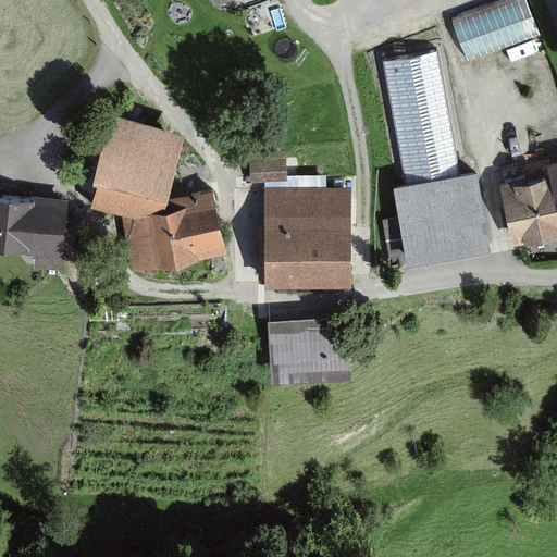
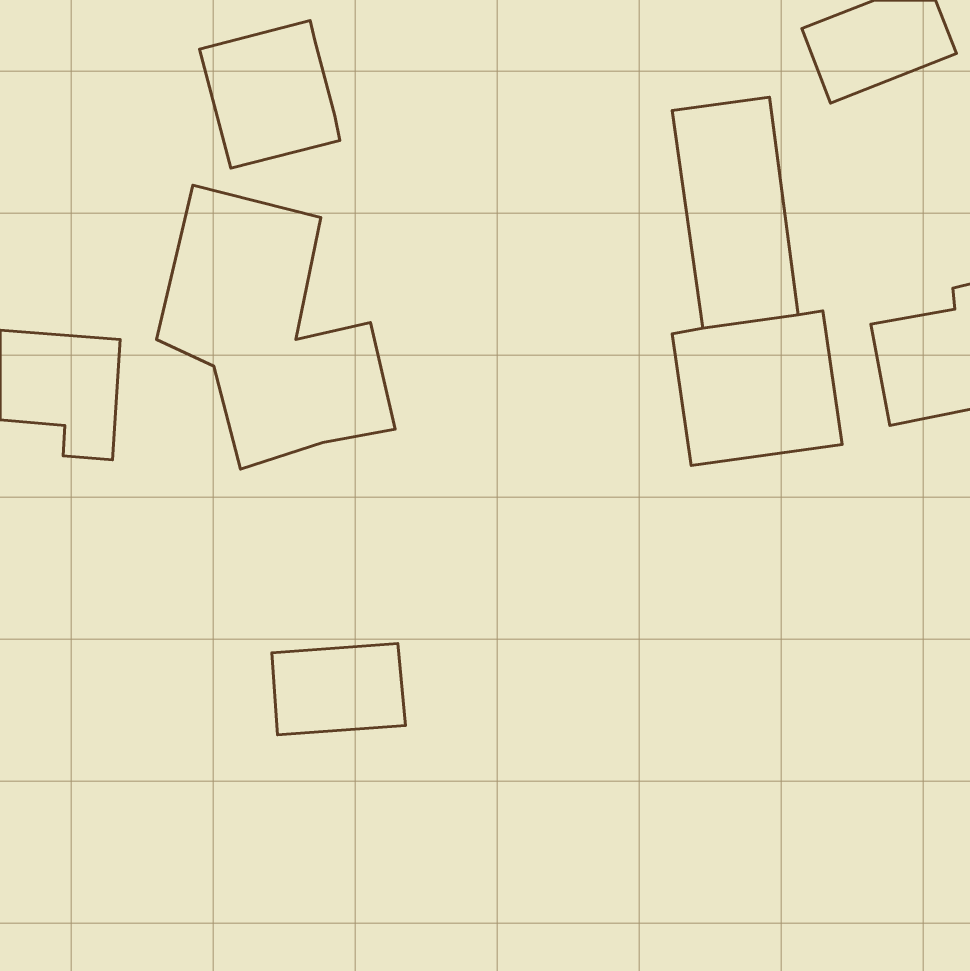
building: none -> [200,21,340,168]
building: [256,191,347,294] -> none
building: [263,324,339,376] -> [272,643,405,735]

